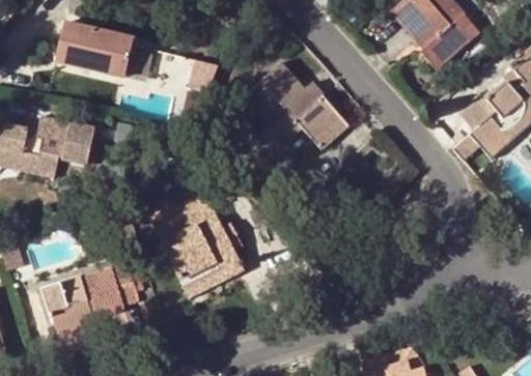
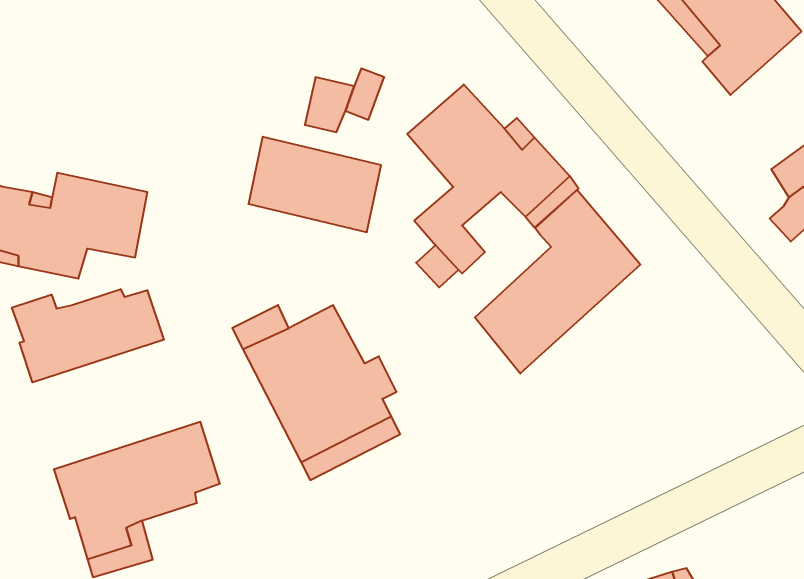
building: [58,22,136,78] -> [248,137,381,232]
building: none -> [475,190,640,374]
building: none -> [12,289,164,382]

